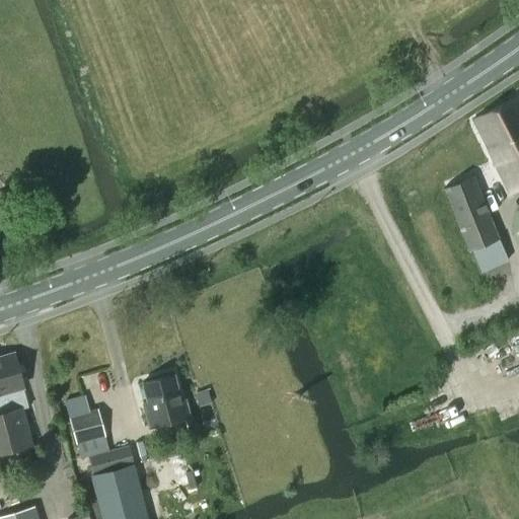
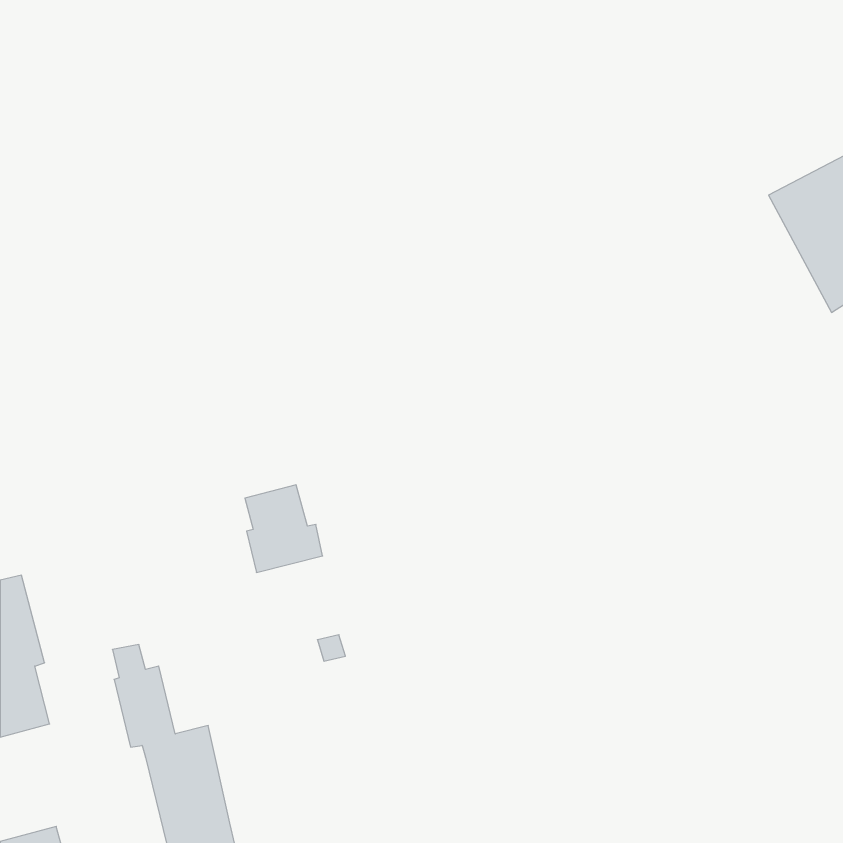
building: [443,177,507,270] -> none
building: [143,375,191,429] -> [245,485,323,572]

